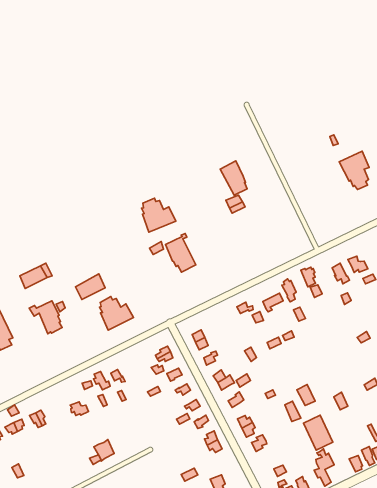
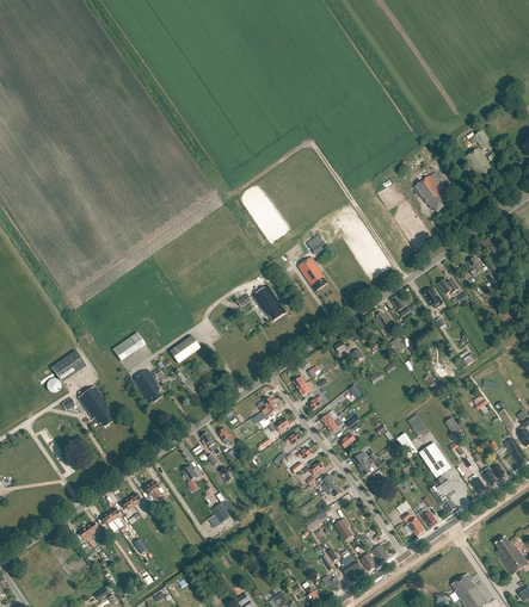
building: [220,161,247,195] -> [297,256,327,291]
building: [142,198,176,232] -> none
building: [99,297,133,330] -> none

